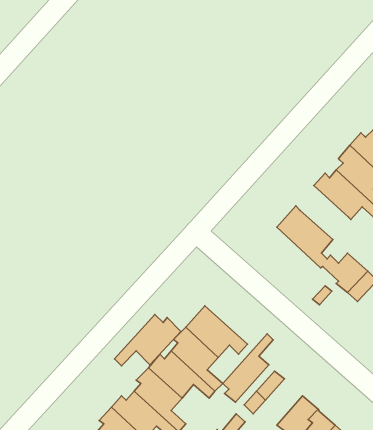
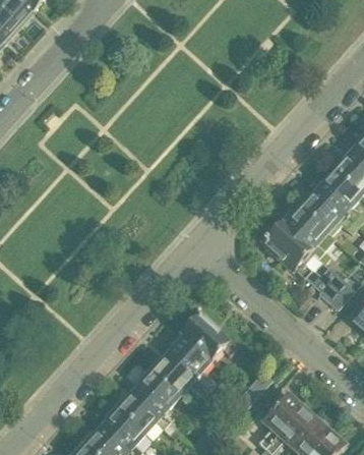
building: none -> [285,204,335,262]
building: [115,314,181,366] -> none
building: [223,334,273,402] -> none

